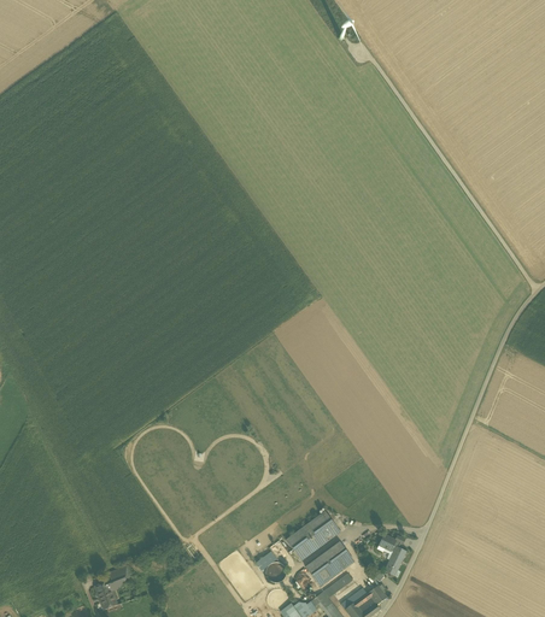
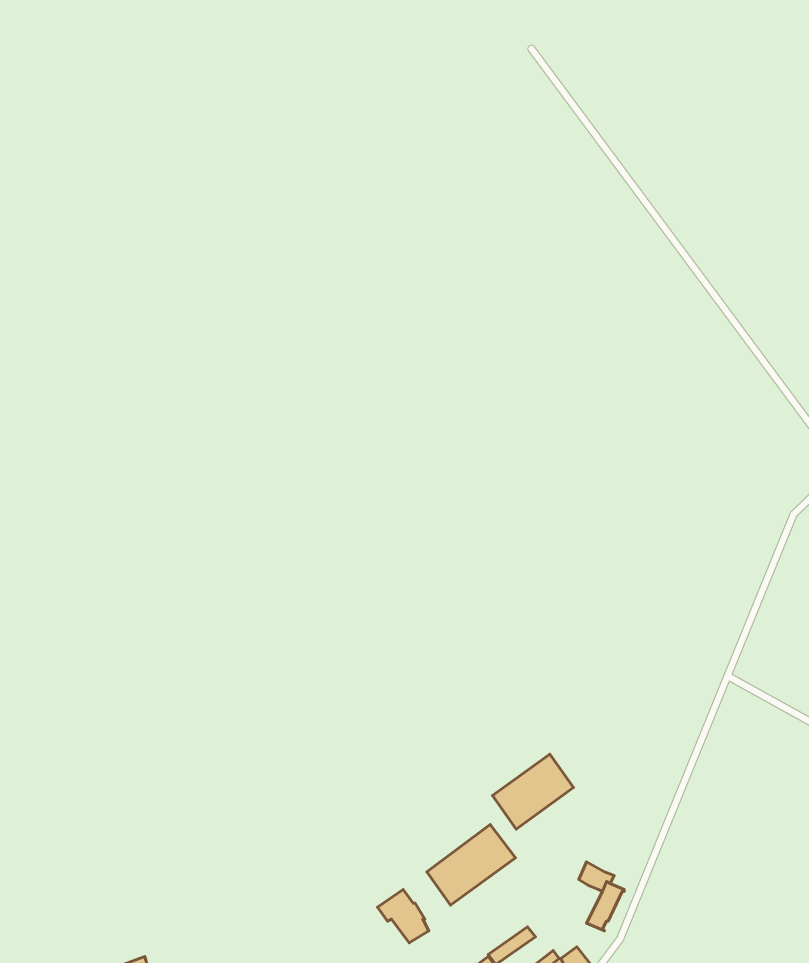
building: [304,540,353,586] -> [493,754,573,829]

